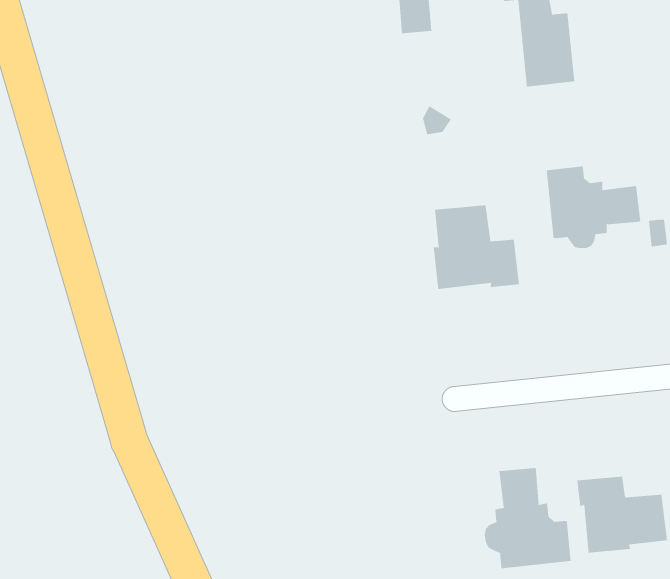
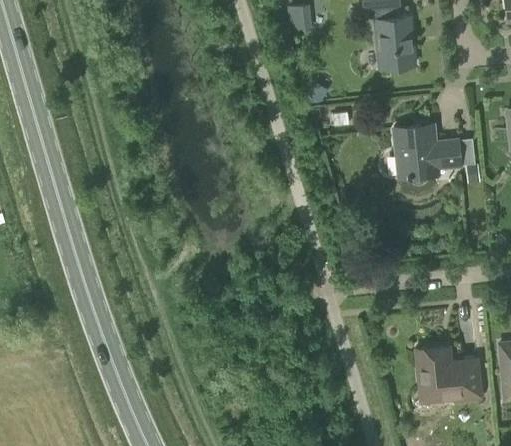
building: [433,205,520,290] -> none
building: [484,467,571,569] -> none

